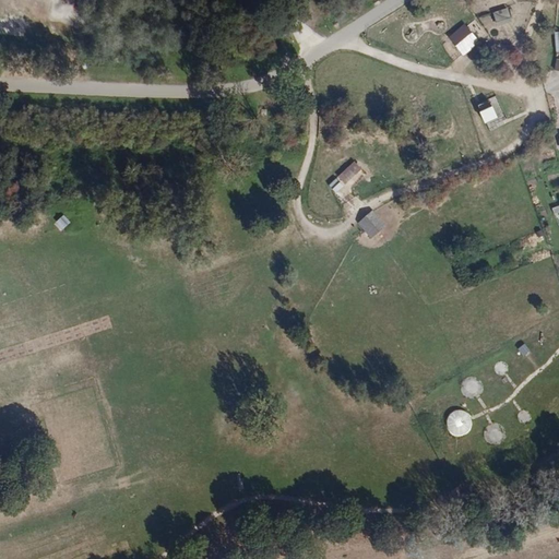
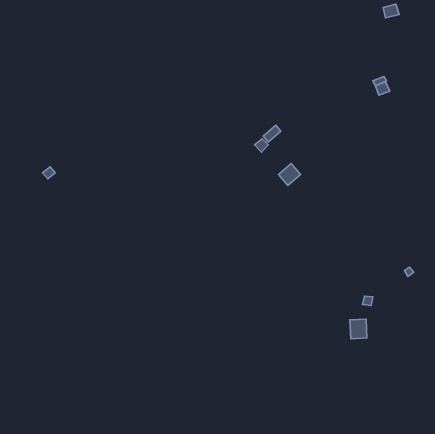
building: [449,24,478,56] -> none

